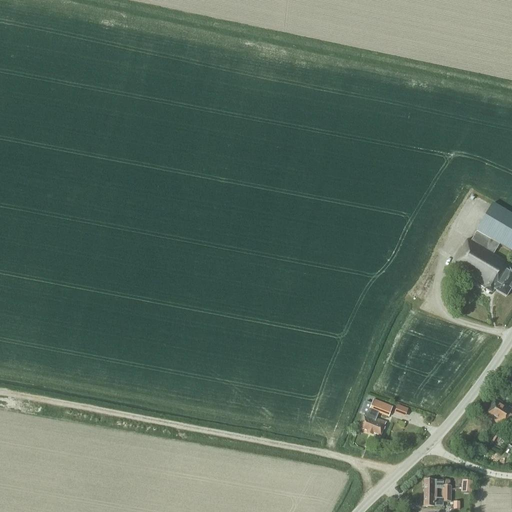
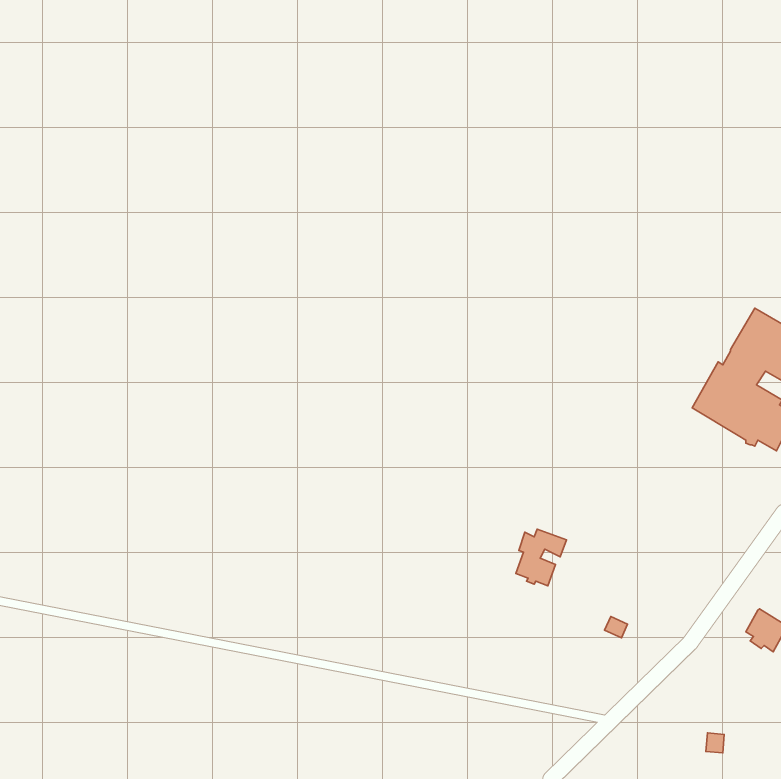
building: [361,397,394,434] -> [516,529,566,586]
building: [425,478,452,504] -> none

